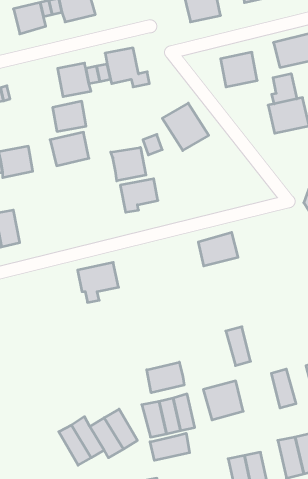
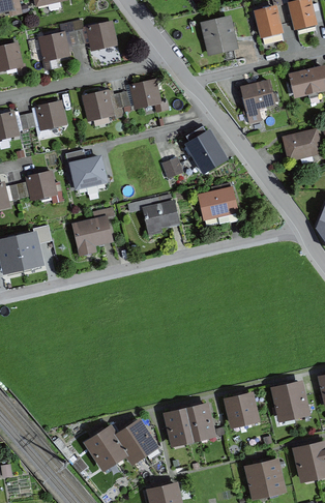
building: [272,74,297,104] -> none
building: [53,101,86,131] -> [35,100,67,129]
building: [111,147,146,181] -> none
building: [198,232,238,266] -> [198,187,236,219]
building: [78,262,119,302] -> [71,217,111,256]
building: [226,327,251,366] -> [271,387,295,424]
building: [147,362,184,393] -> none
building: [150,433,190,460] -> none

